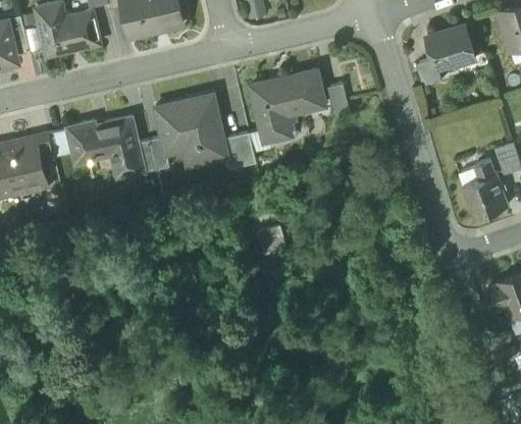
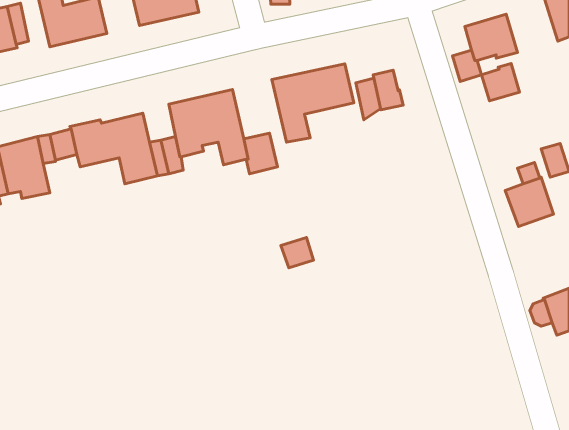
building: none -> [482,63,519,101]
building: none -> [373,70,403,110]

